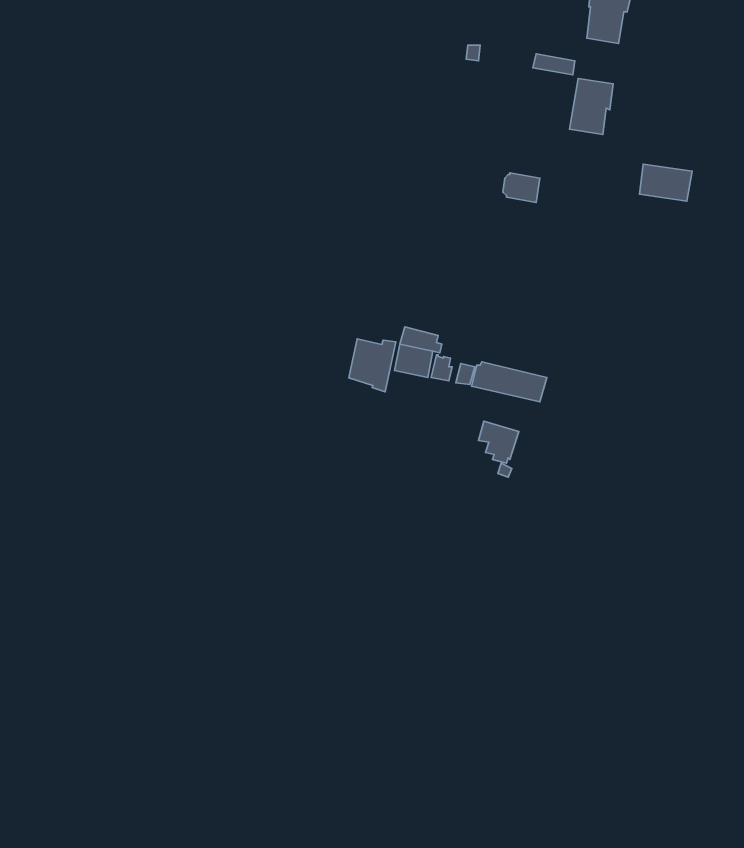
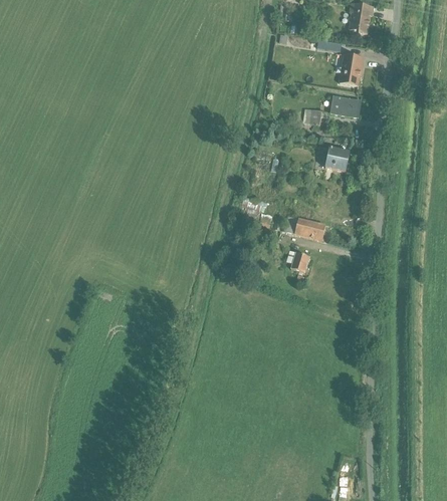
building: [640,164,692,201] -> [330,95,361,116]
building: none -> [324,147,350,171]
building: [349,339,396,392] -> none

